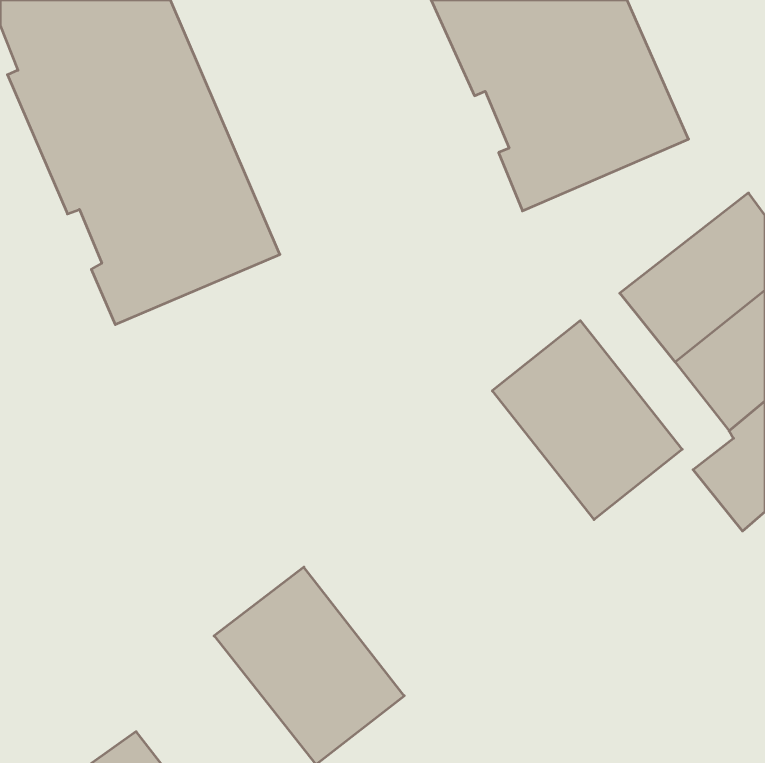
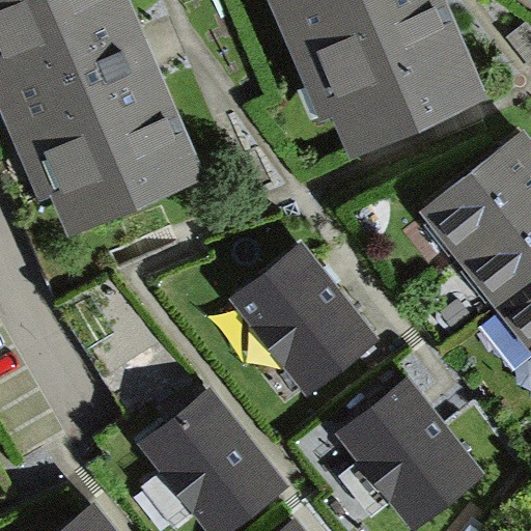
building: [492,321,682,520] -> [240,248,371,386]
building: none -> [345,383,477,521]

